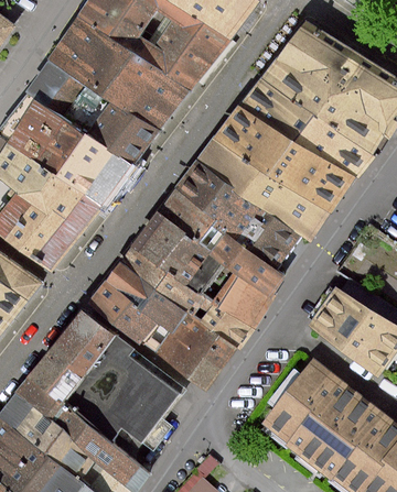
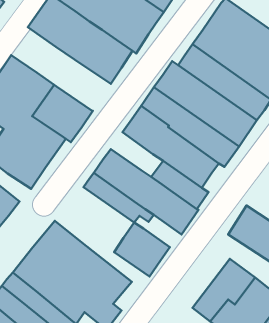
building: [24,58,157,167] -> none
building: [157,195,225,253] -> none
building: [95,266,187,351] -> none
building: [200,303,249,347] -> none

